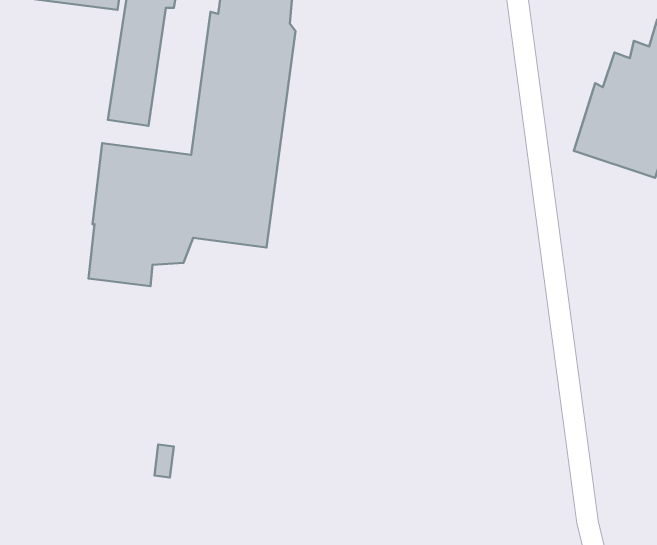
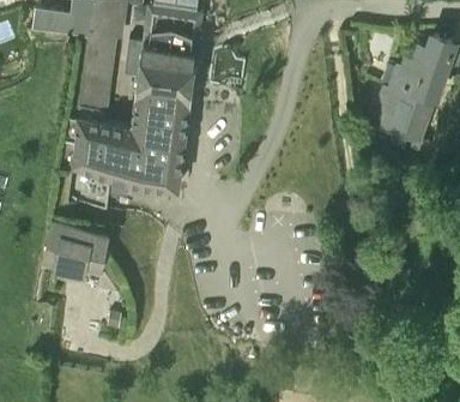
building: none -> [46,224,108,272]

